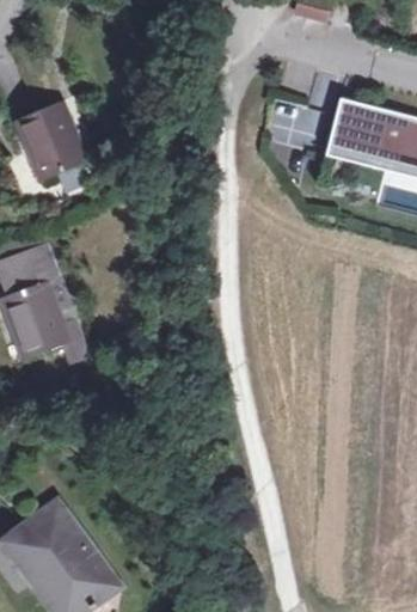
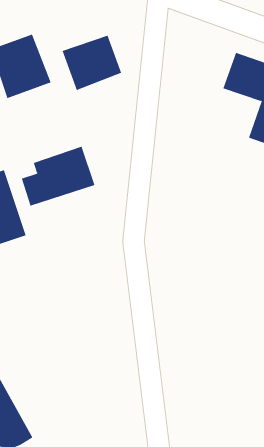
building: none -> [62,35,122,91]
building: none -> [21,146,95,207]

